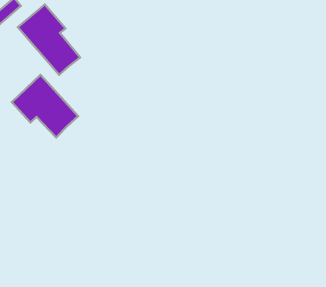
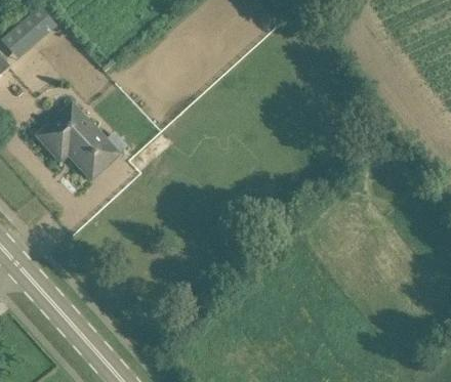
building: [18,5,80,75] -> none

